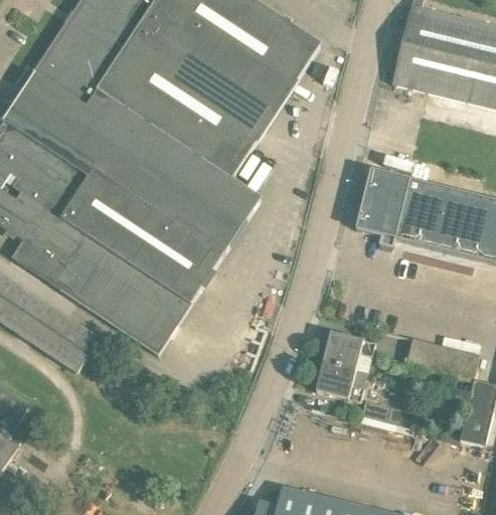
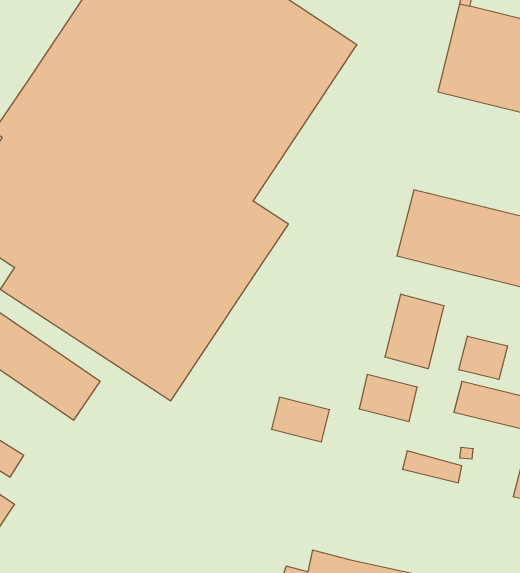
building: none -> [385,294,444,369]
building: none -> [459,336,507,380]
building: [317,362,368,401] -> [271,397,330,442]

